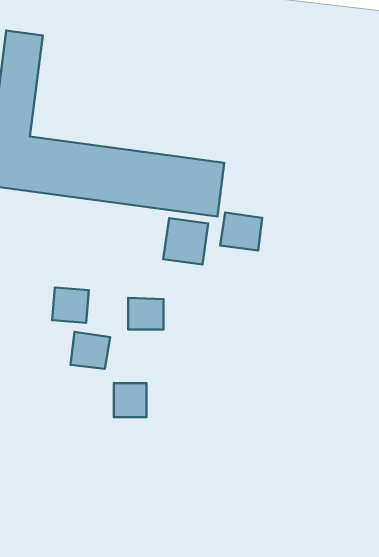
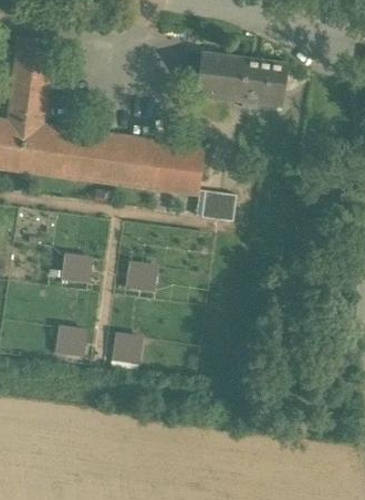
building: none -> [197,52,290,107]
building: [163,218,208,264] -> none
building: [71,332,110,369] -> [54,325,87,356]

